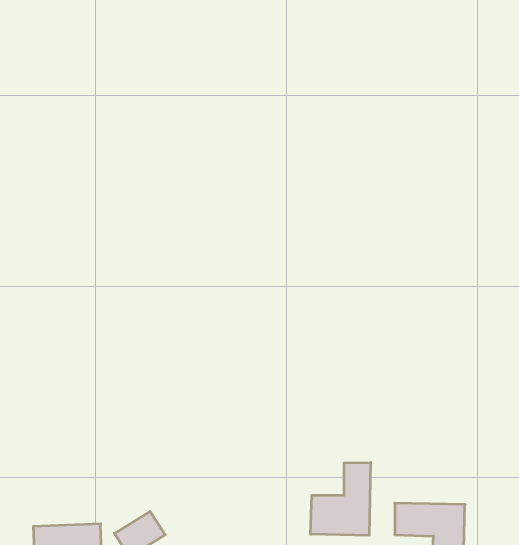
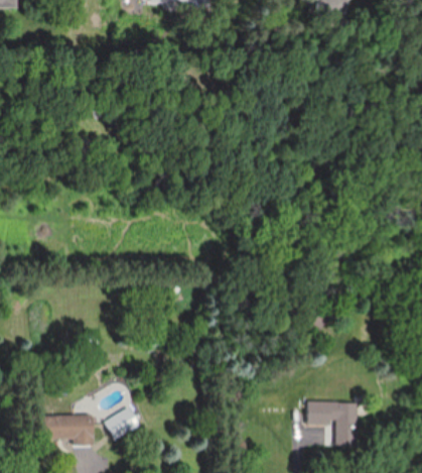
building: [311,462,371,535] -> none

